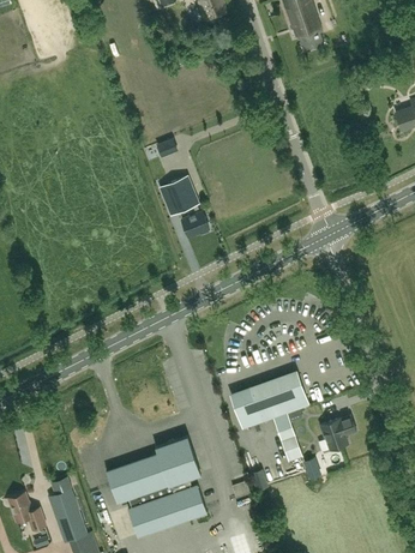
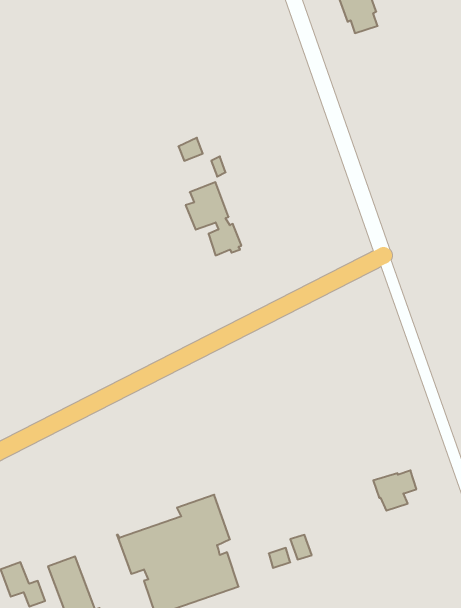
building: [233,375,307,458] -> none

